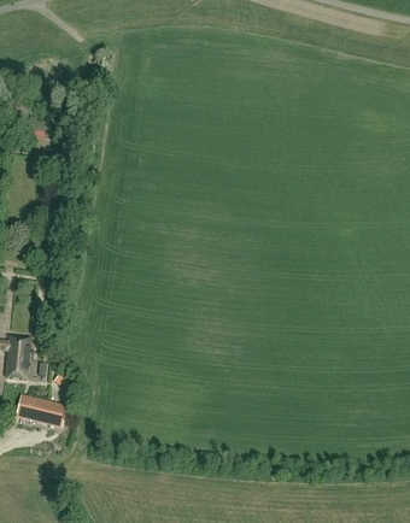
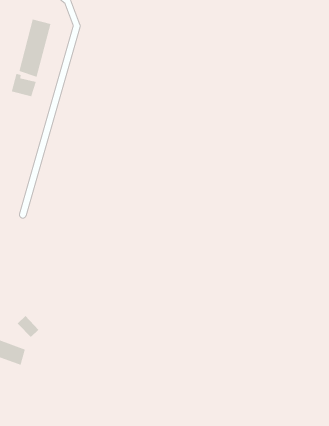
building: none -> [18,18,52,78]

